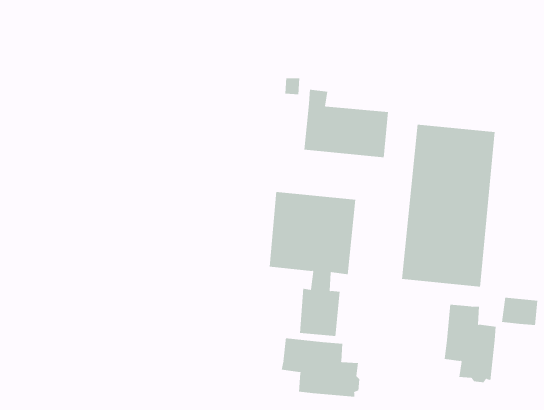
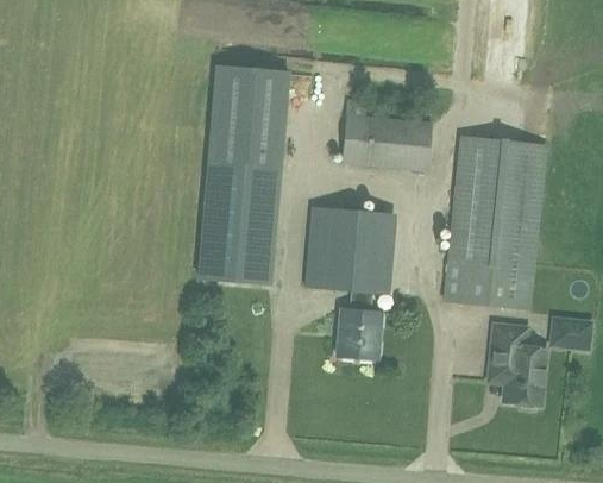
building: none -> [199,65,288,282]
building: [281,337,360,398] -> none

